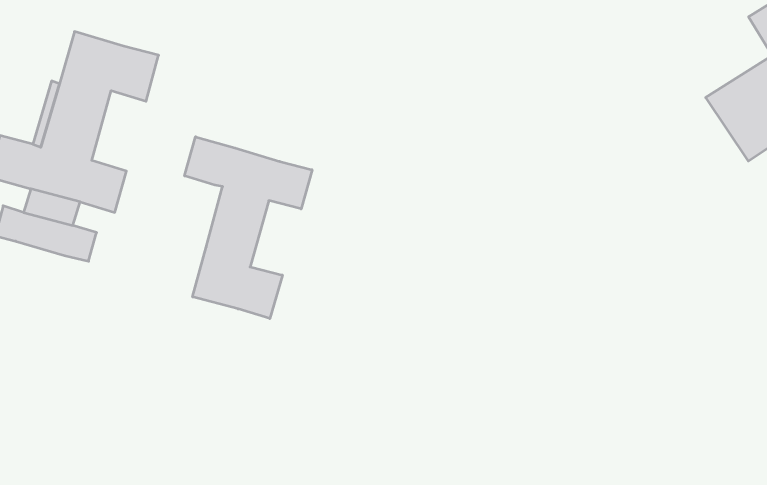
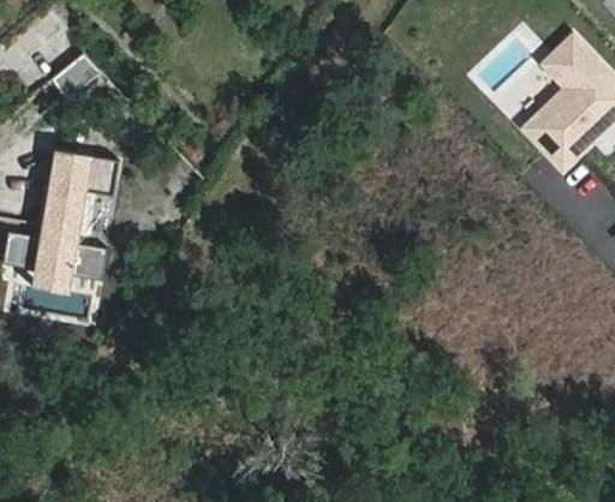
building: [185,137,312,319] -> none

